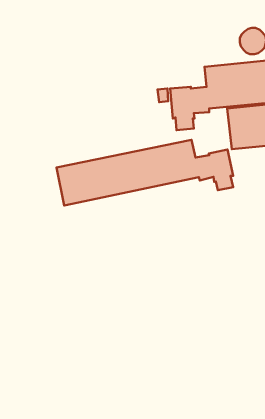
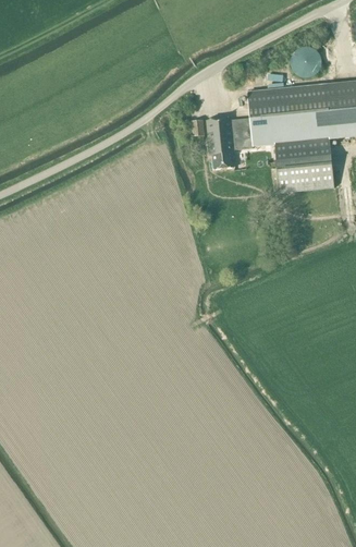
building: [56,140,233,206] -> none

